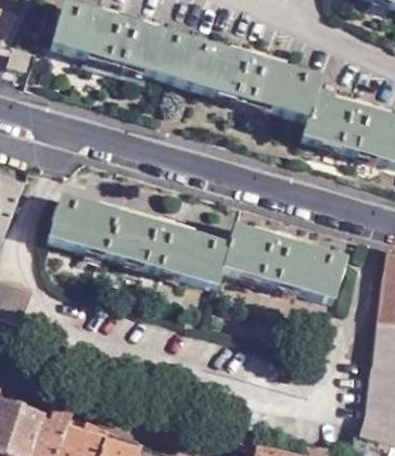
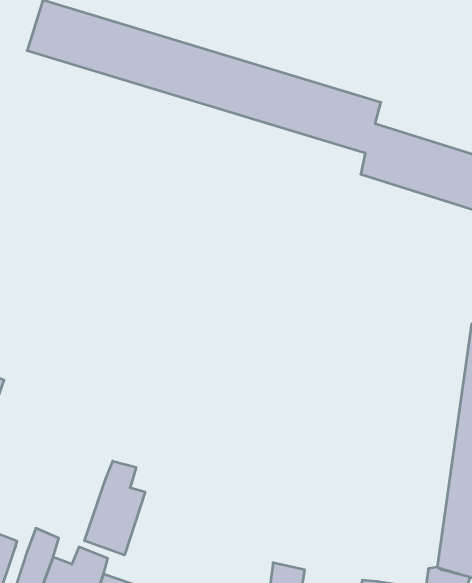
building: [48,197,345,301] -> none
building: none -> [85,461,145,555]

